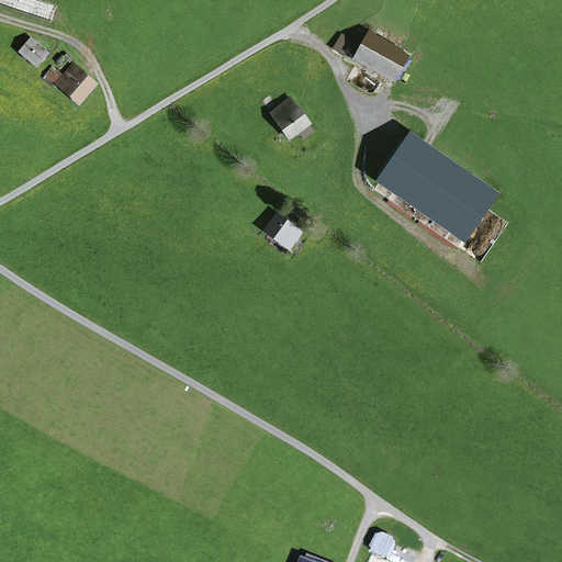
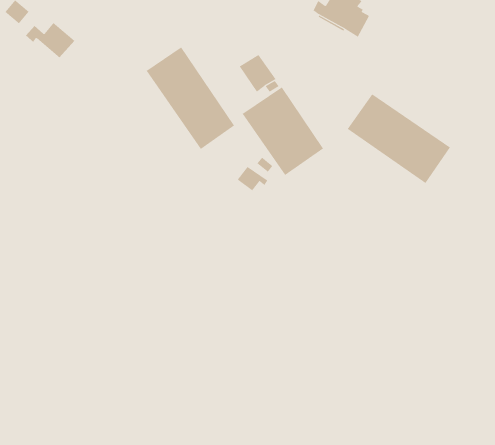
building: none -> [146,47,235,150]
building: none -> [242,86,324,176]

